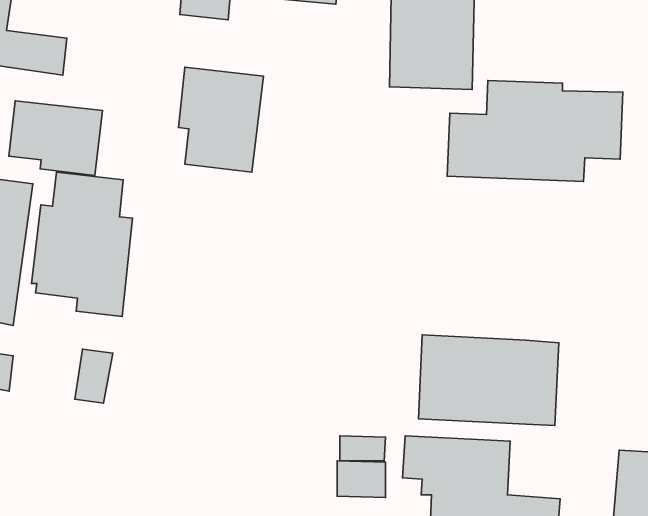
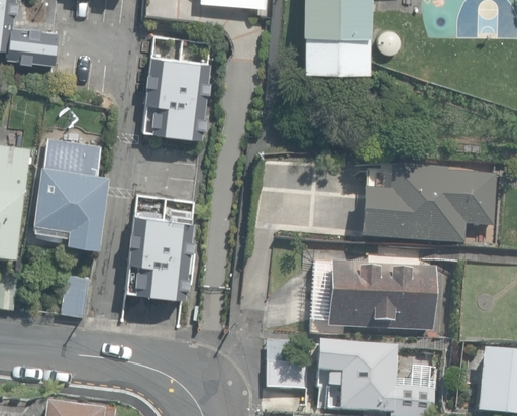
building: [447,80,623,181] -> [358,166,494,243]
building: [9,101,102,175] -> none
building: none -> [125,214,195,297]

